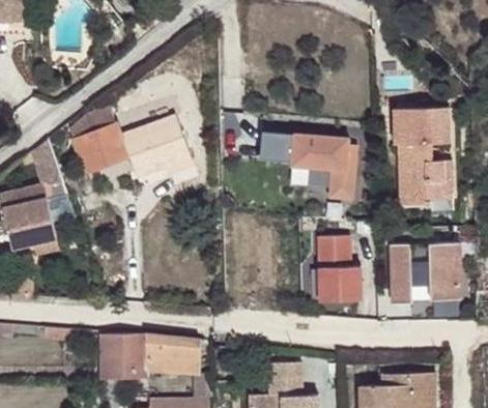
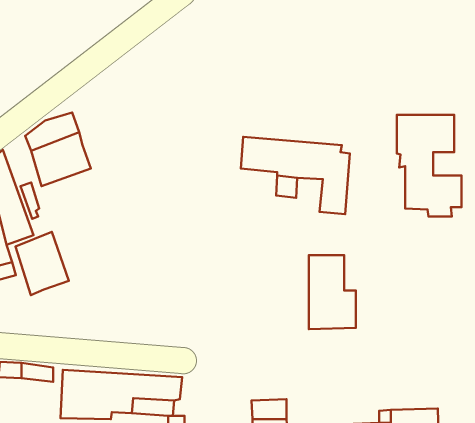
building: [119,117,184,177] -> none
building: none -> [16,232,69,295]
building: [391,240,459,300] -> none

